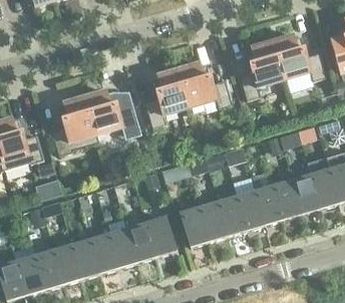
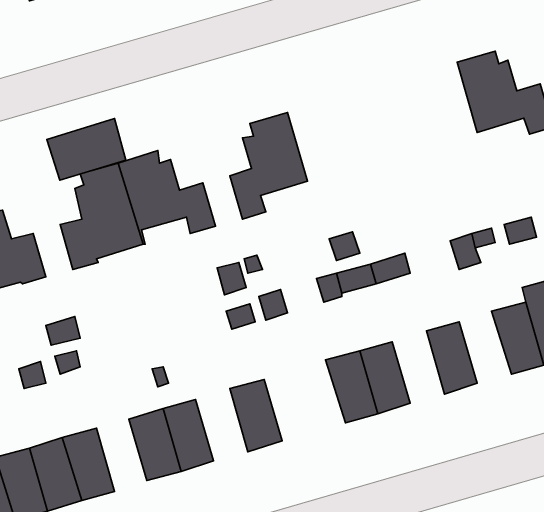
building: [239,39,283,98] -> none
building: [178,61,231,107] -> none
building: none -> [47,118,126,180]
building: [273,178,302,218] -> none
building: [236,189,265,229] -> none
building: [180,205,210,246] -> none
building: [126,221,155,261] -> none
building: [71,238,99,278] -> none

